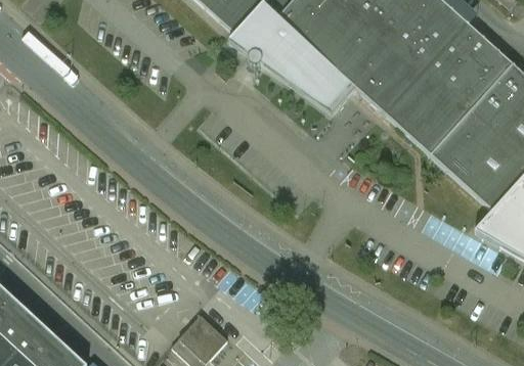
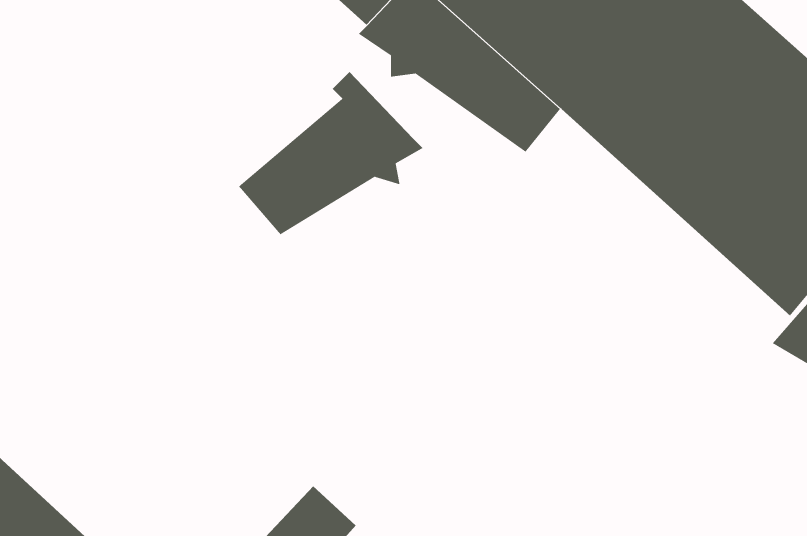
building: none -> [238,71,424,235]

